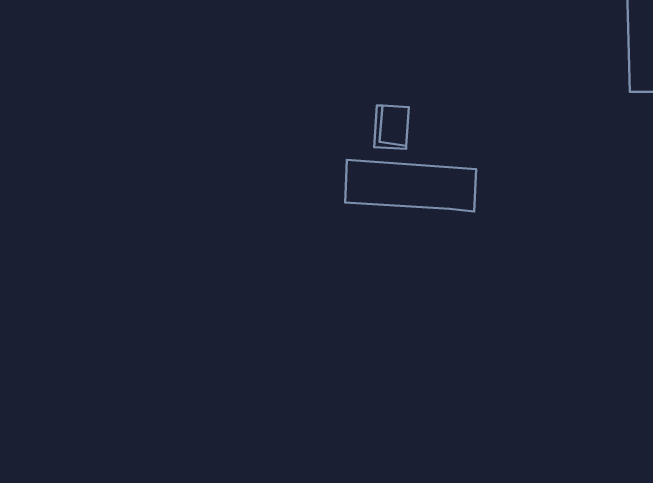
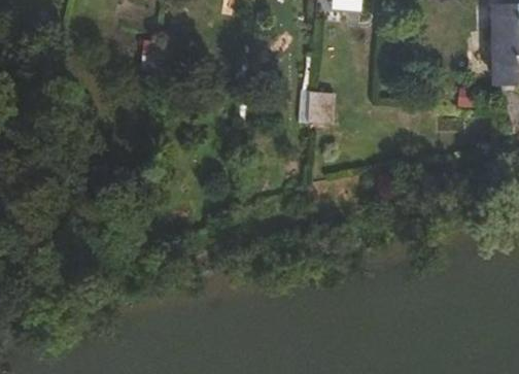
building: [345,160,476,212] -> none

